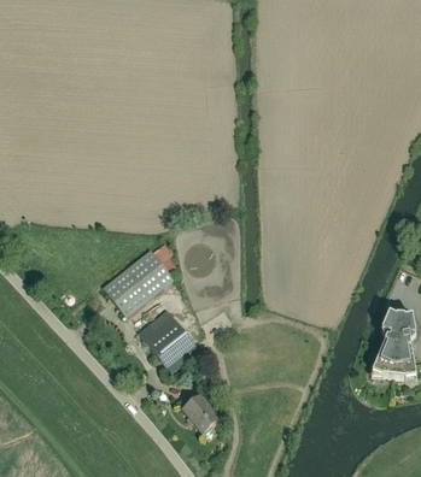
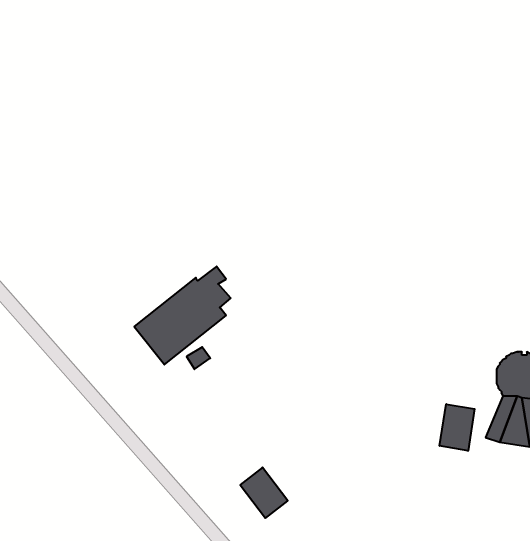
building: [140,308,200,370] -> none
building: none -> [440,404,475,451]

